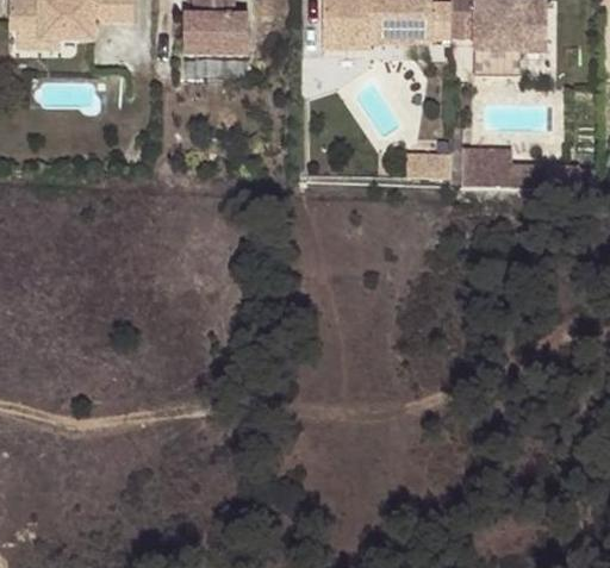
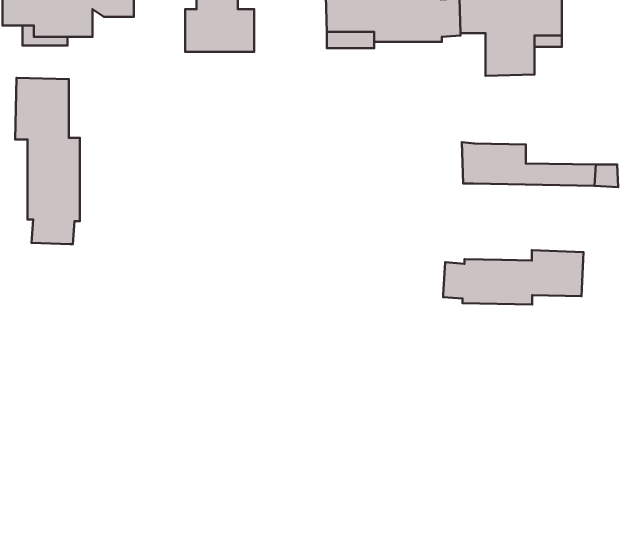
building: none -> [15,78,80,244]
building: none -> [443,250,583,305]

